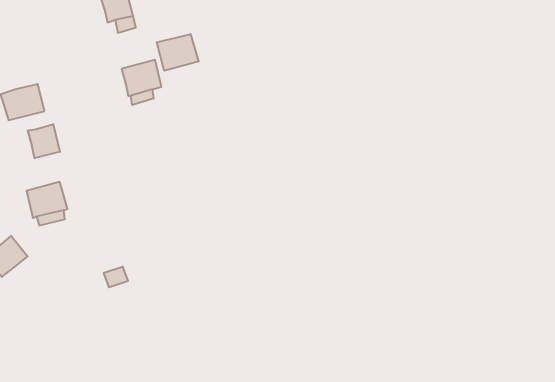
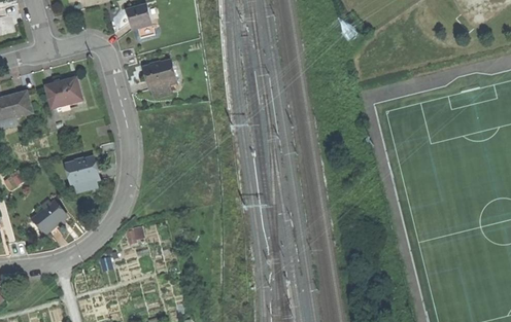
building: [157,34,199,71] -> none
building: [28,124,60,158] -> none

